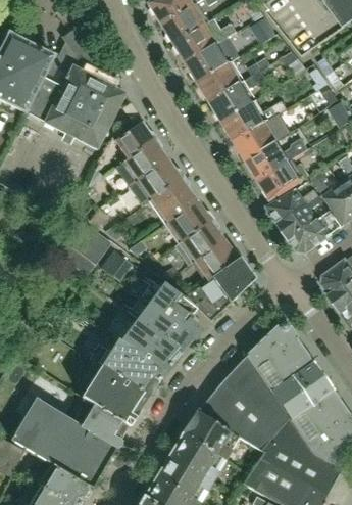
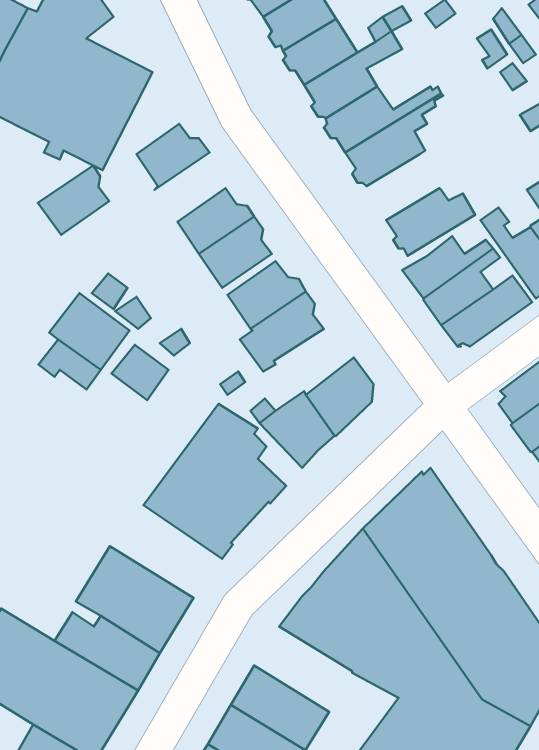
building: [246,137,309,178] -> none
building: [125,139,166,179] -> [38,165,109,235]
building: [194,240,240,278] -> none
building: [100,338,164,395] -> none
building: [183,411,239,460] -> none

